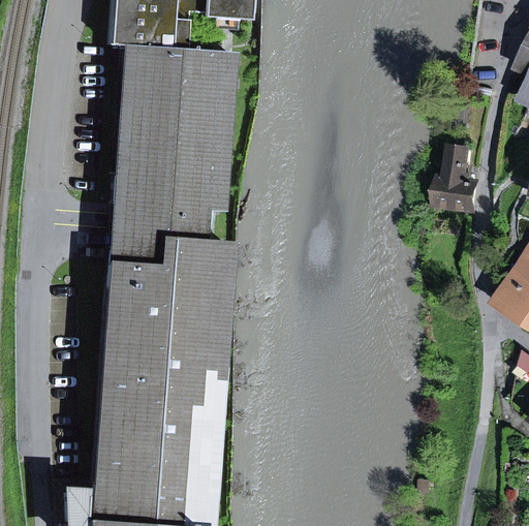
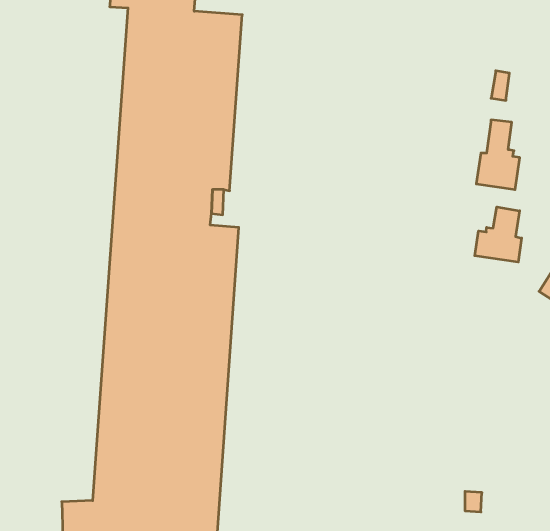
building: none -> [475,207,522,262]

